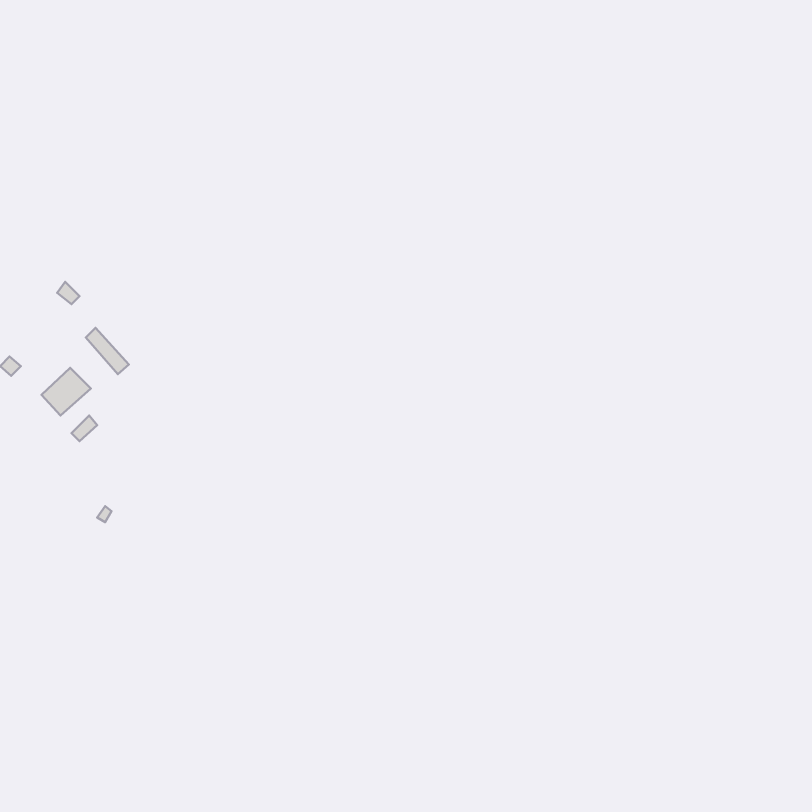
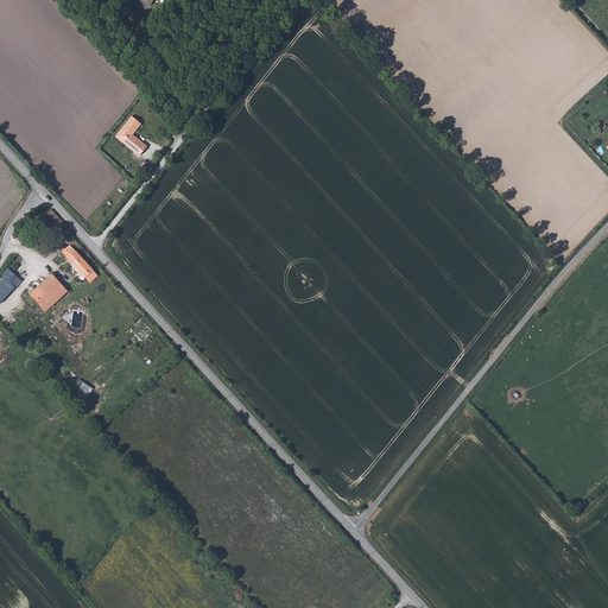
building: none -> [114,116,146,157]

